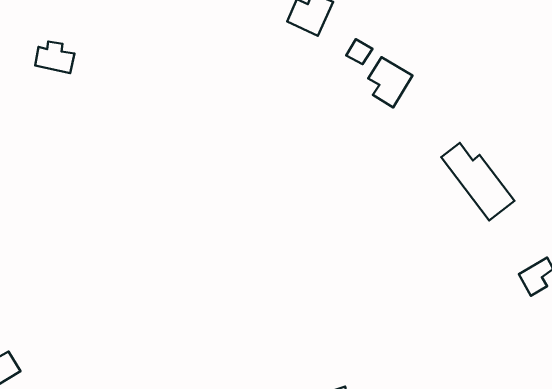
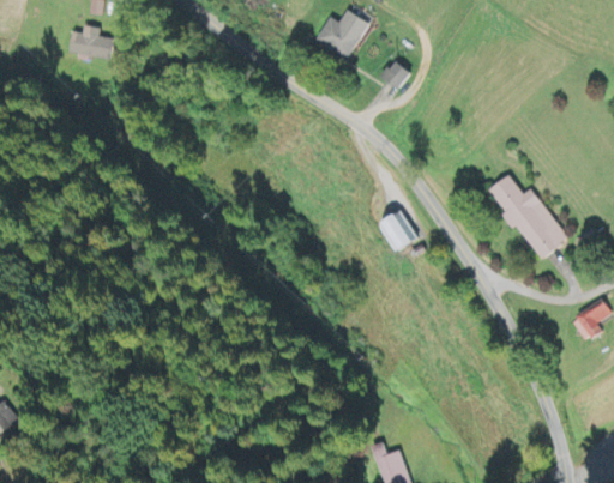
building: [35,42,74,73] -> [68,24,112,59]
building: [368,57,413,108] -> none
building: none -> [380,211,419,253]

